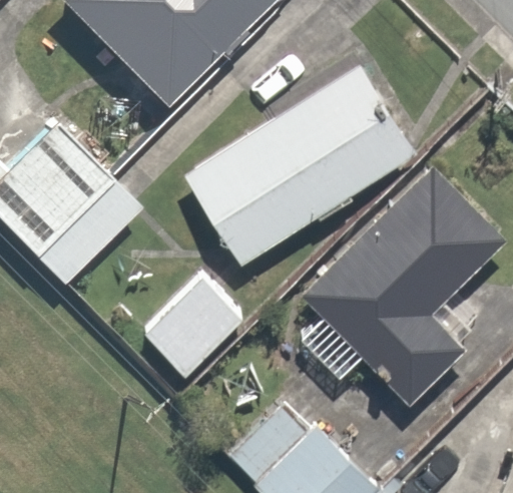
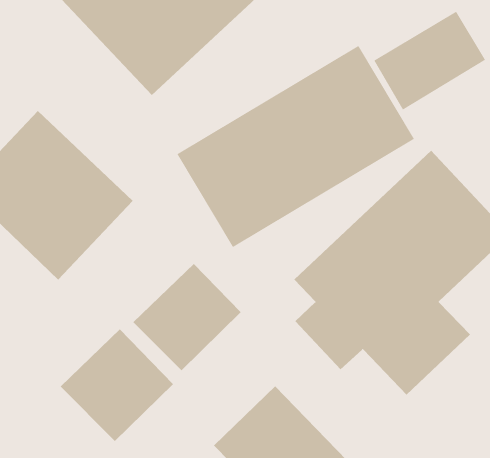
building: none -> [374,11,486,111]
building: none -> [60,329,174,442]

